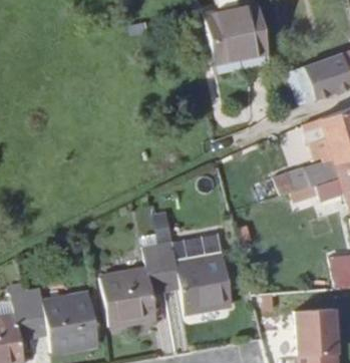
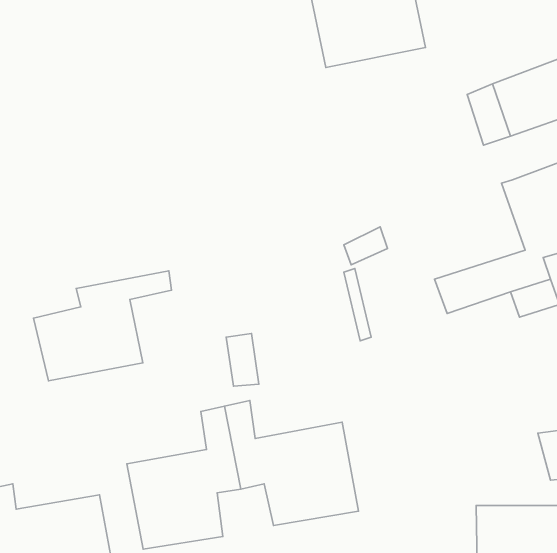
building: none -> [34,271,171,381]
building: [171,235,223,265] -> none

